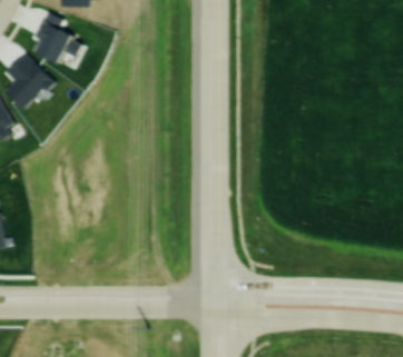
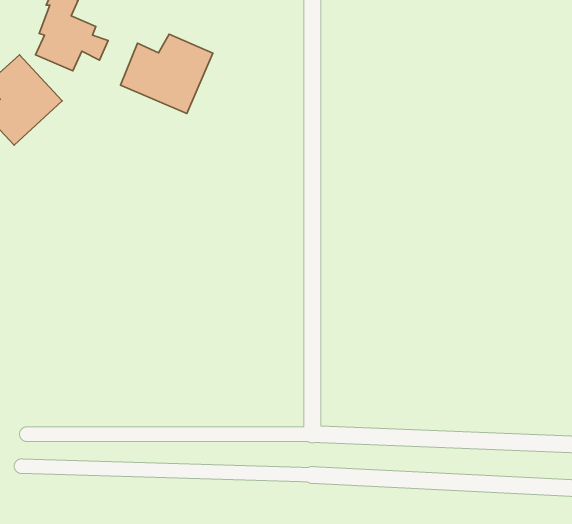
building: none -> [120,34,213,114]

